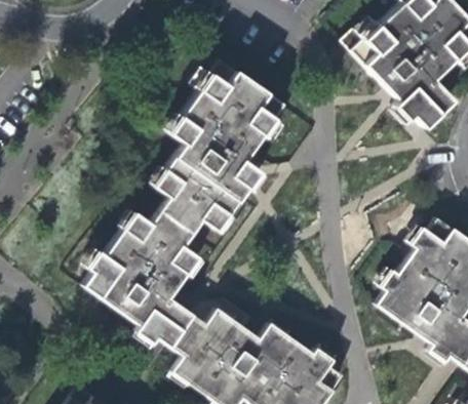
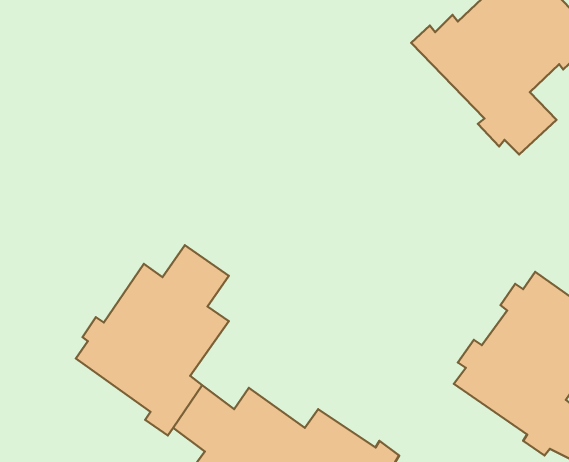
building: [155,58,283,233] -> none

